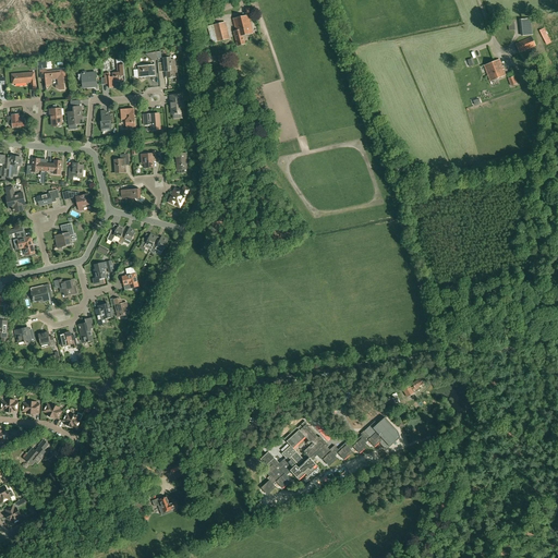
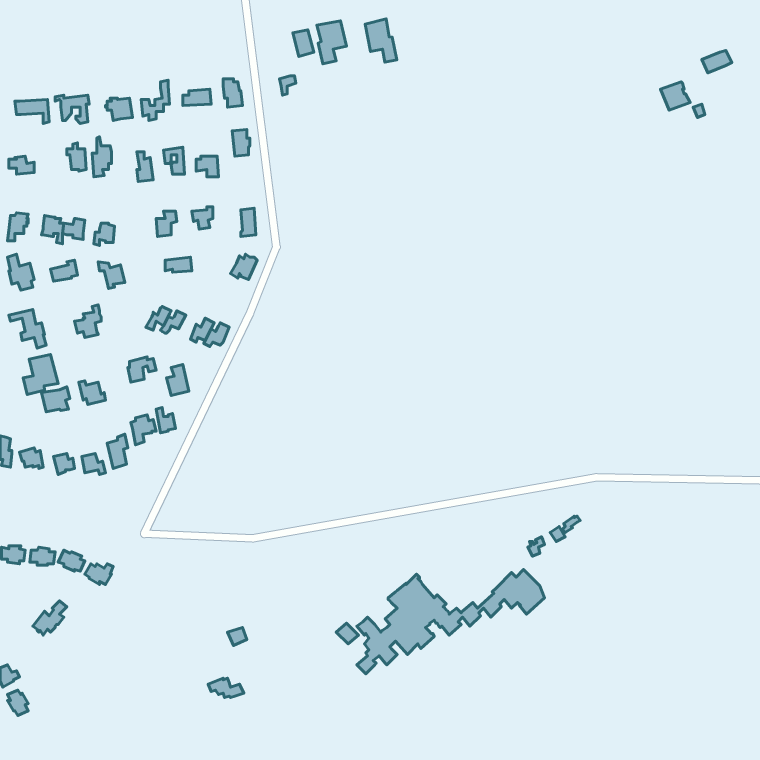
building: none -> [365,19,397,62]
building: none -> [23,355,58,394]

